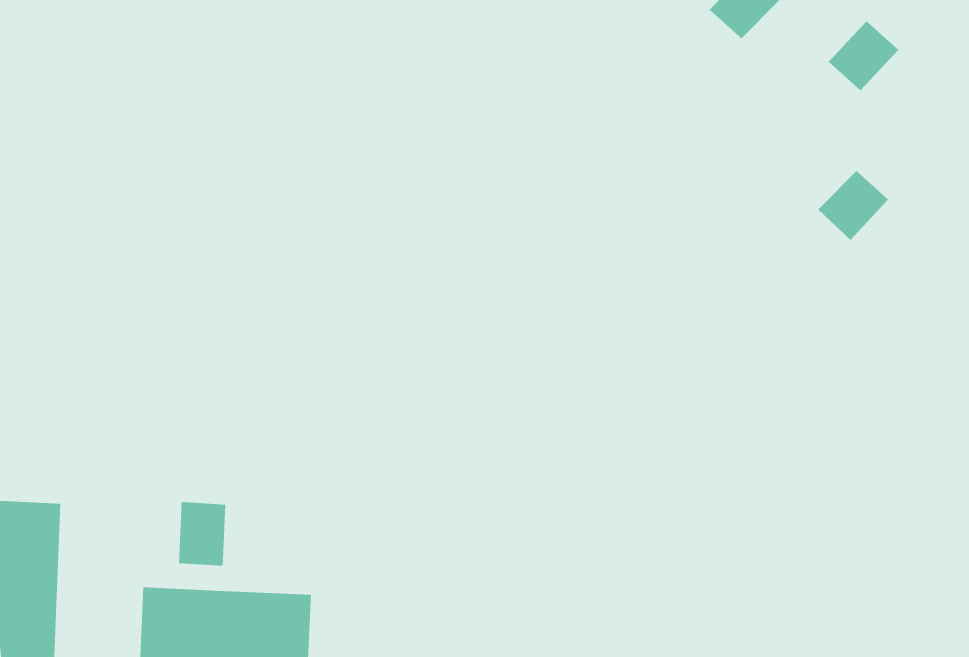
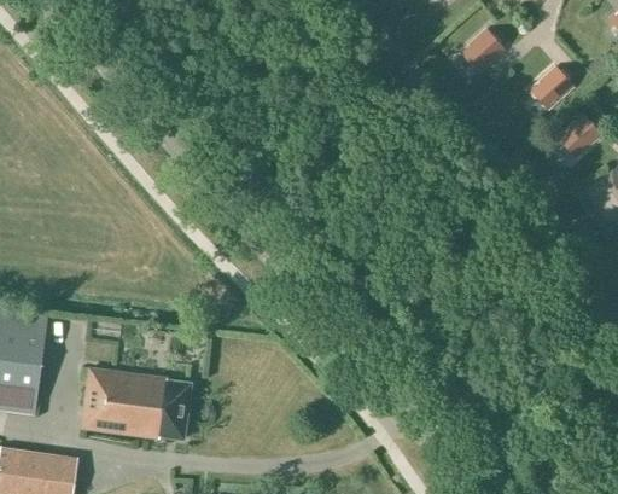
building: [818,170,889,241] -> [556,115,600,157]
building: [178,501,226,567] -> none

